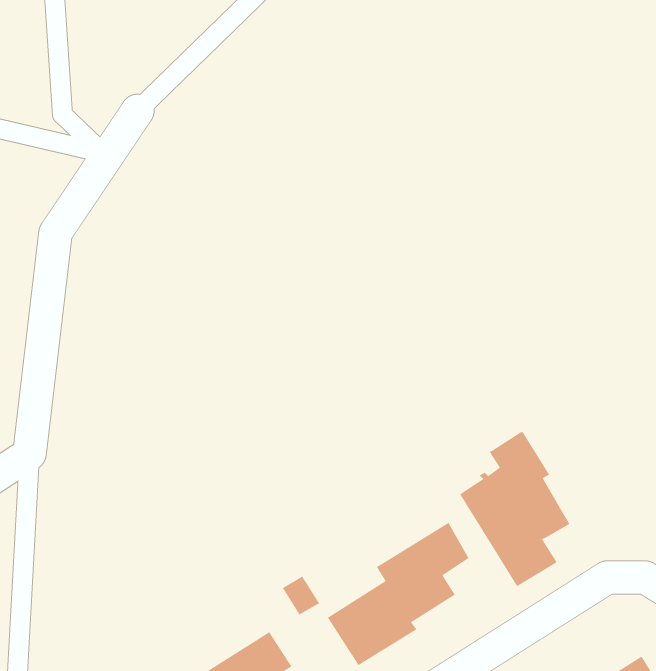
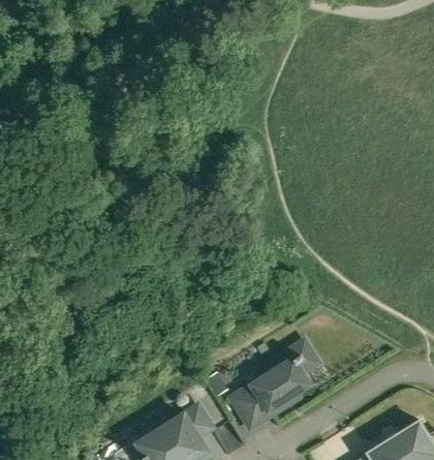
building: [459,431,570,587] -> none

